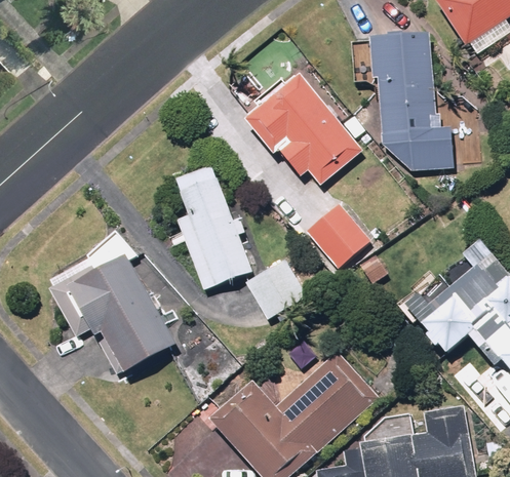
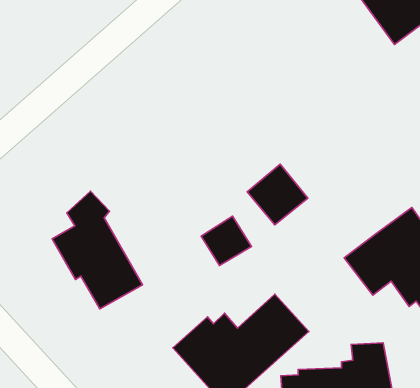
building: [367,33,454,167] -> none
building: [244,73,363,185] -> none
building: [173,165,251,289] -> none

